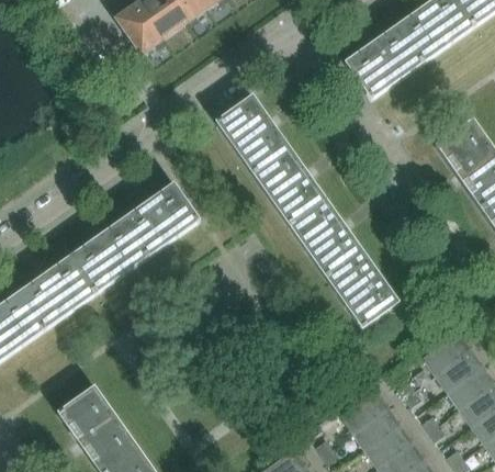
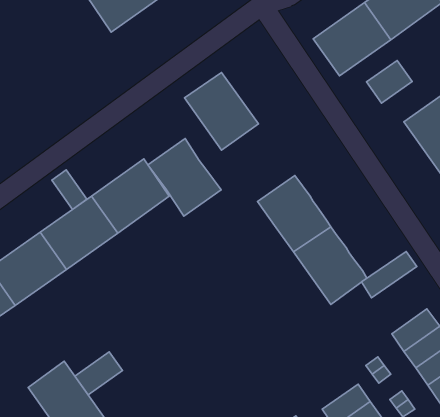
building: none -> [367,60,412,103]
building: [251,146,325,224] -> [148,139,221,216]
building: none -> [52,170,87,209]
building: none -> [361,251,417,298]
building: none -> [75,352,122,395]
building: [340,390,389,432] -> none

